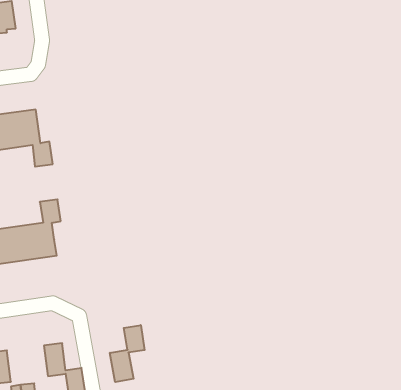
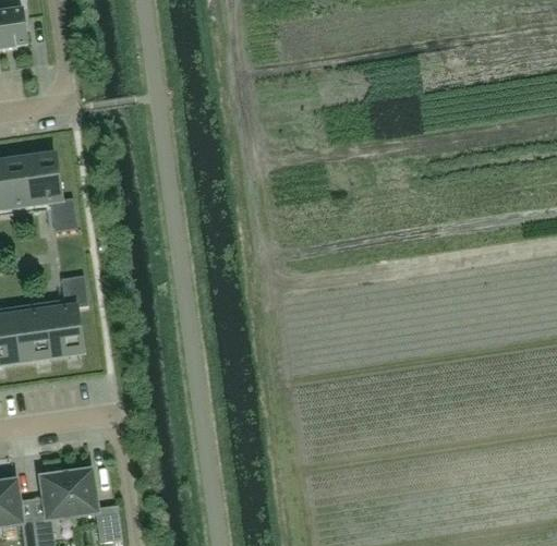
building: [110,325,145,382] -> none
building: none -> [40,473,71,518]

